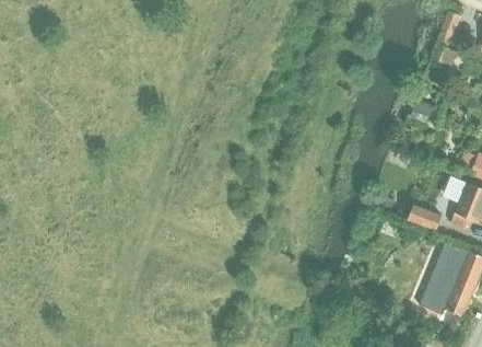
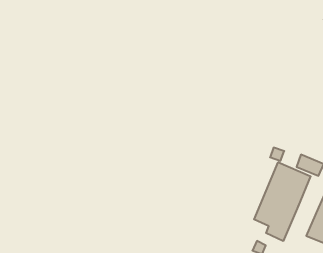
building: none -> [254,162,311,241]

